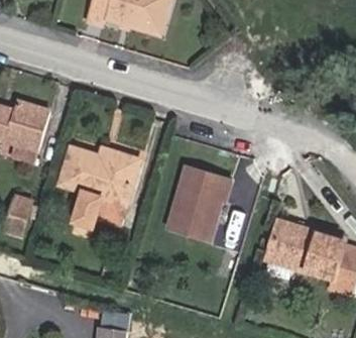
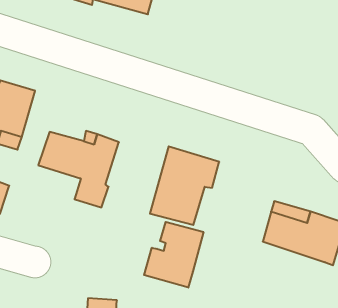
building: none -> [144,222,203,288]

